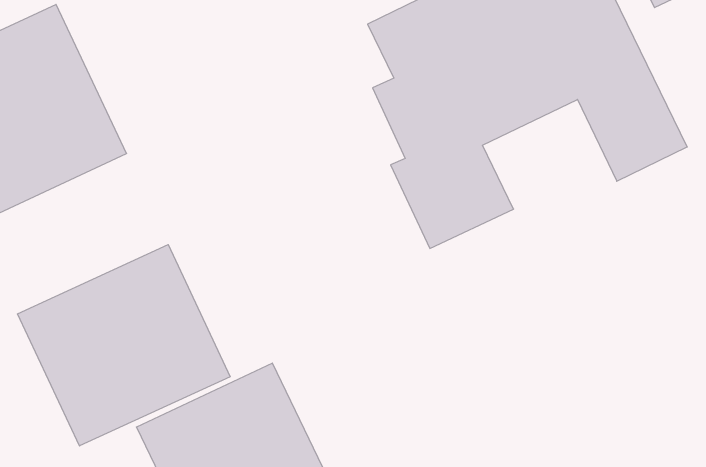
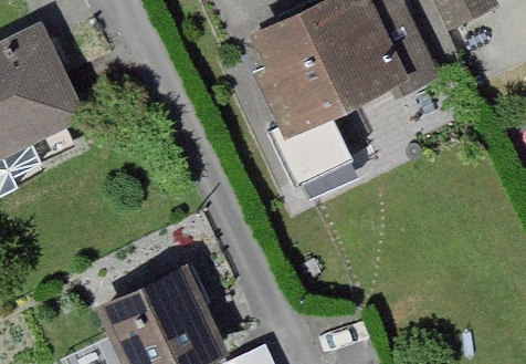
building: [18,245,230,446] -> none

